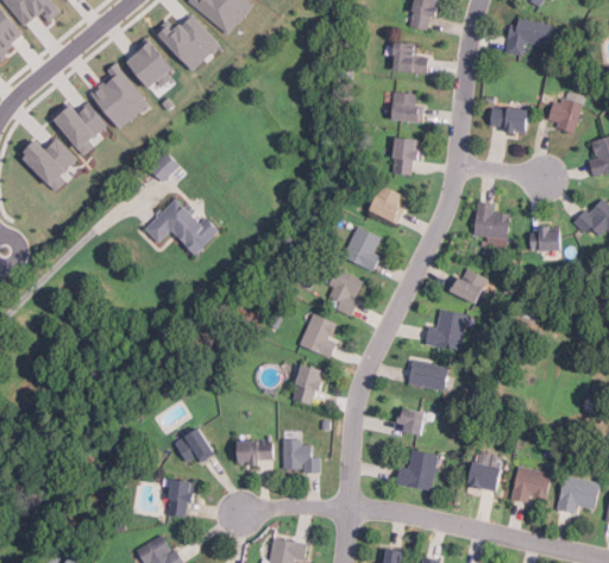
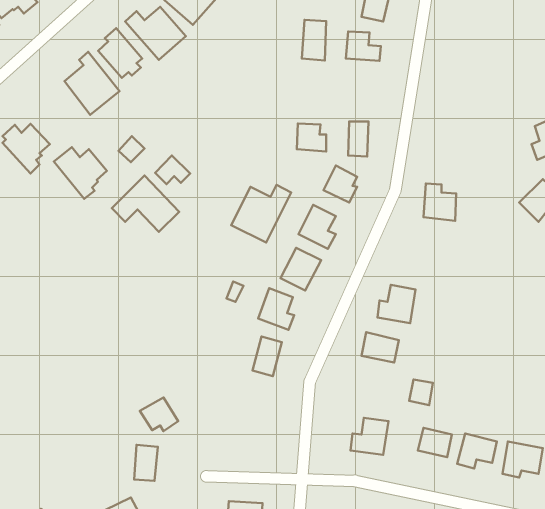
building: [506,19,551,55] -> none
building: none -> [302,20,326,61]
building: [546,90,583,131] -> none
building: [391,92,422,121] -> [297,123,326,152]
building: [54,101,109,156] -> [54,147,107,199]
building: [490,104,528,129] -> none
building: none -> [155,155,190,184]
building: none -> [231,185,291,242]
building: [529,227,561,251] -> none
building: [448,265,486,304] -> none
building: [400,408,425,436] -> [409,379,433,405]
building: [238,442,274,464] -> none
building: [282,442,319,471] -> none

